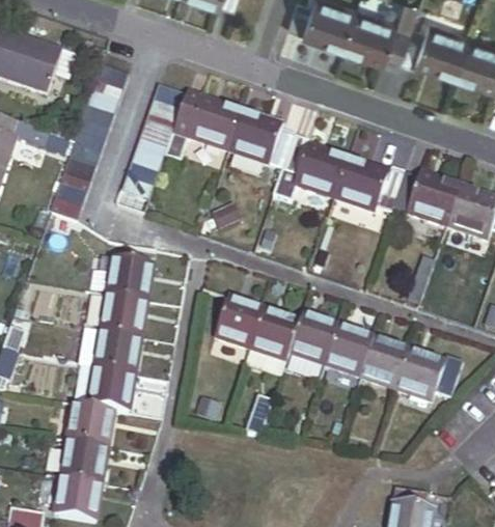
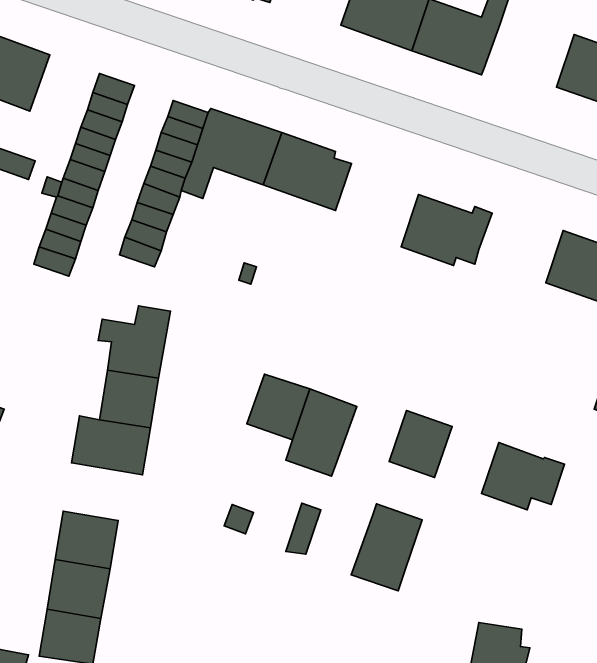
building: [398,21,468,75] -> none
building: [275,134,348,200] -> none
building: [394,172,460,226] -> none
building: [283,312,338,380] -> [351,504,422,591]
building: [360,337,410,389] -> none
building: [73,365,134,412] -> none

